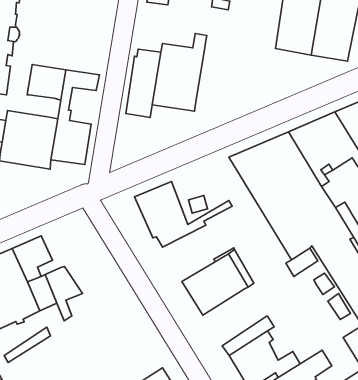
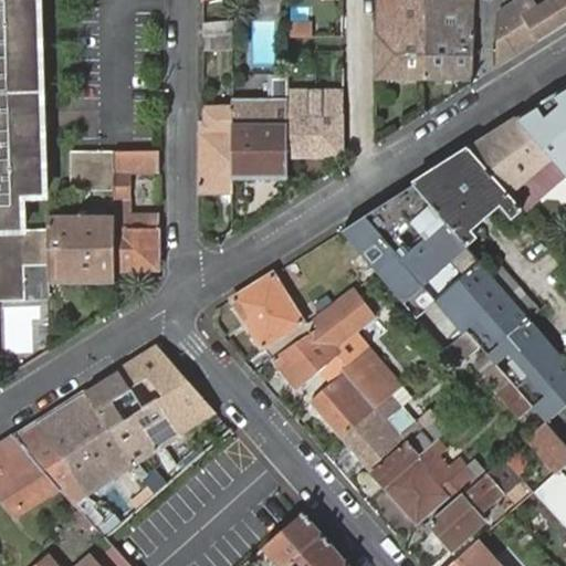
building: none -> [289,84,344,159]
building: none -> [276,291,373,386]
building: none -> [118,346,214,434]
building: none -> [343,394,424,472]

